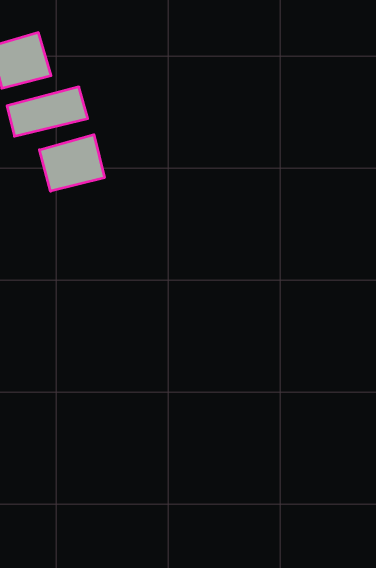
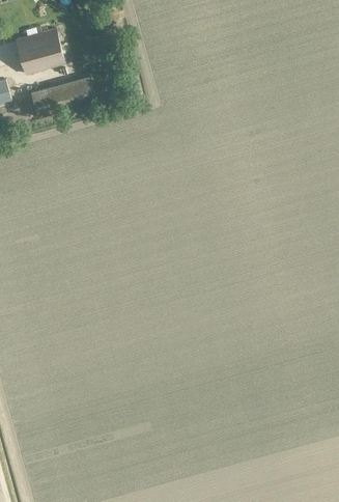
building: [39,135,104,191] -> none

